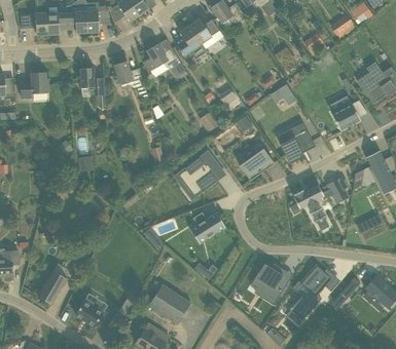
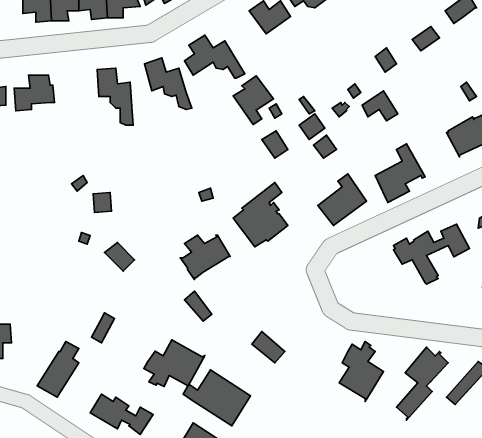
building: [172,26,201,61] -> [233,76,273,124]
building: [188,211,224,243] -> [180,235,230,279]
building: none -> [144,340,205,387]

